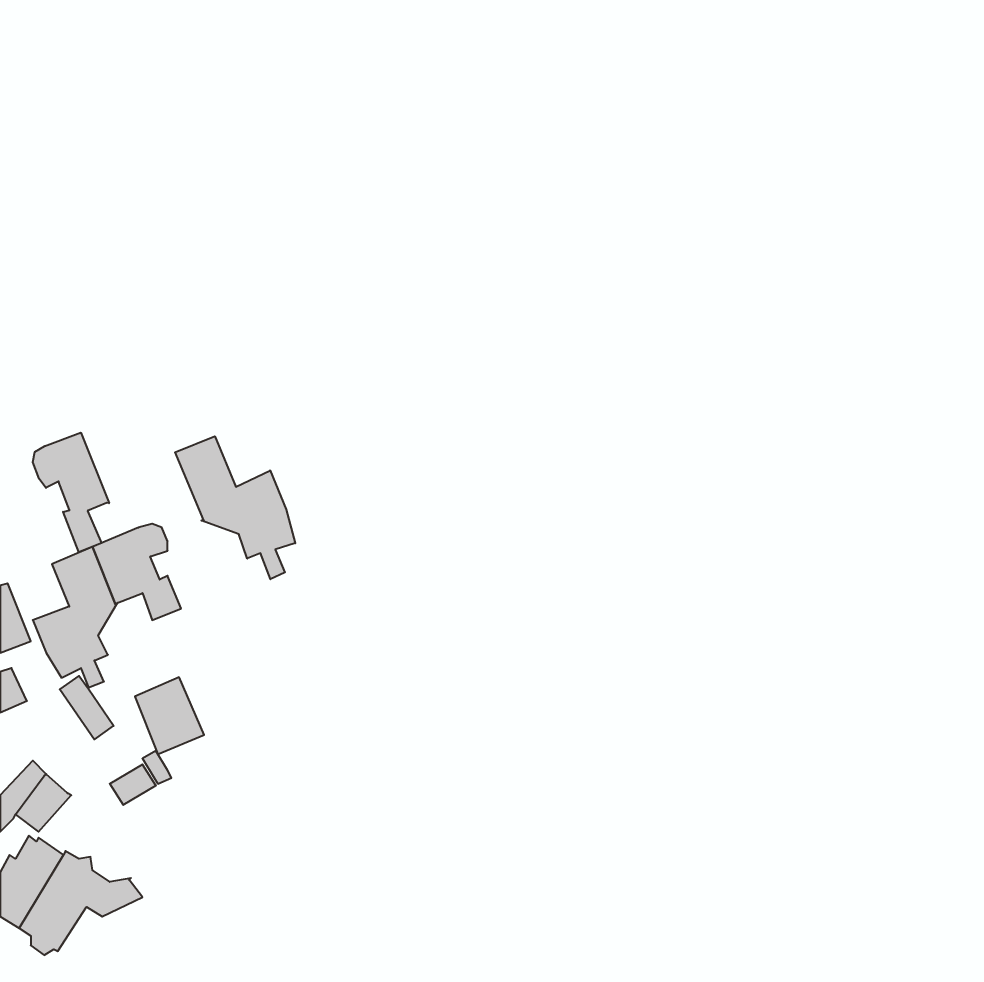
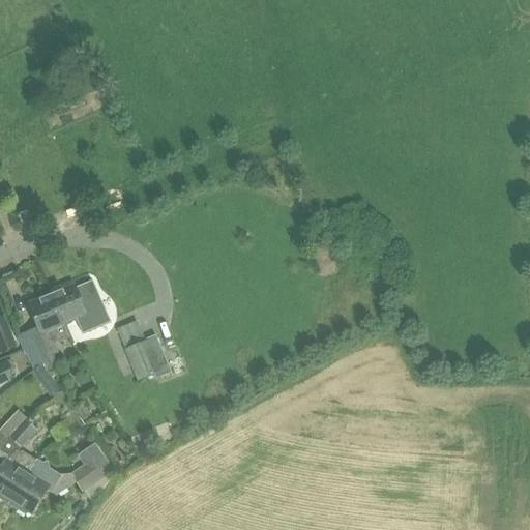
building: [33,433,109,552] -> none
building: [175,436,295,579] -> none
building: [135,677,204,754] -> [124,338,161,380]
building: none -> [69,442,114,491]

